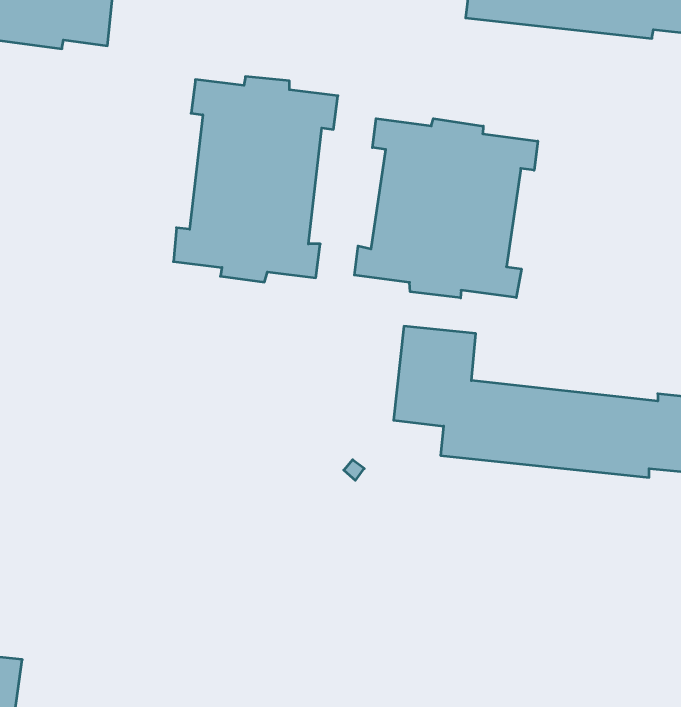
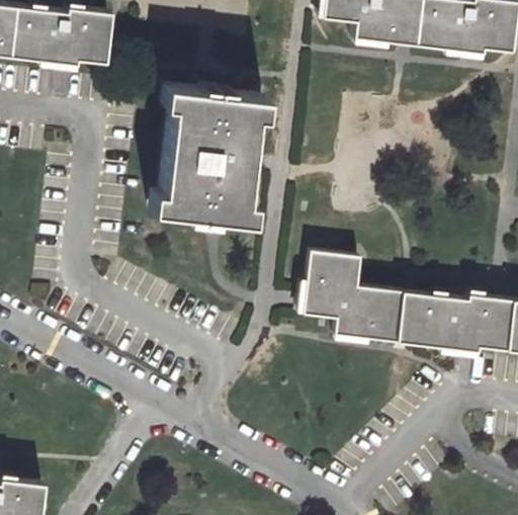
building: [354,119,538,298] -> none

